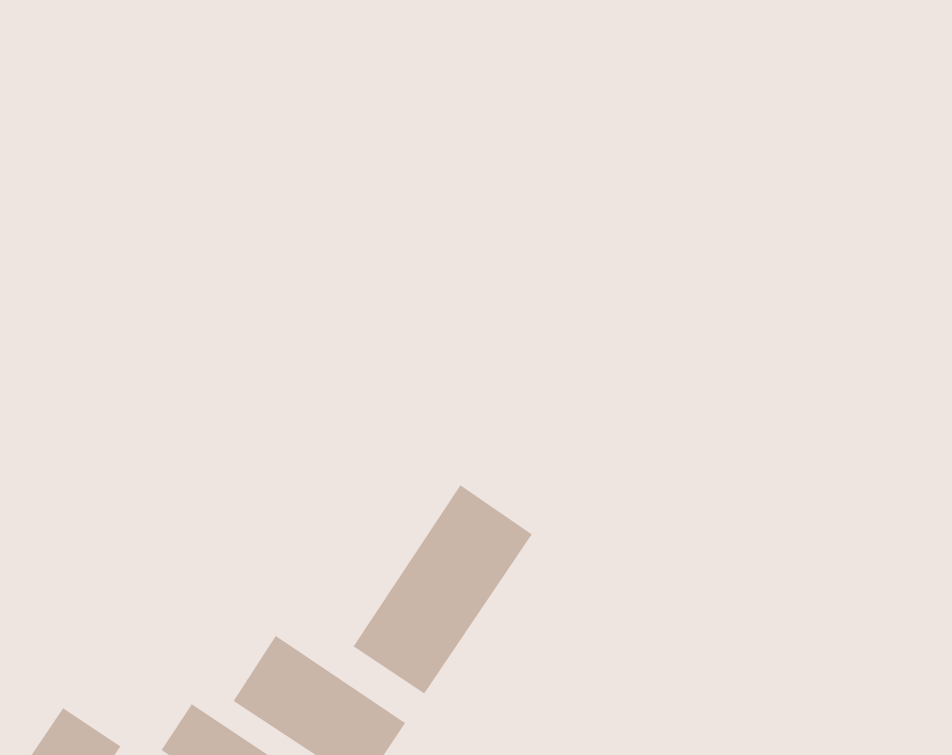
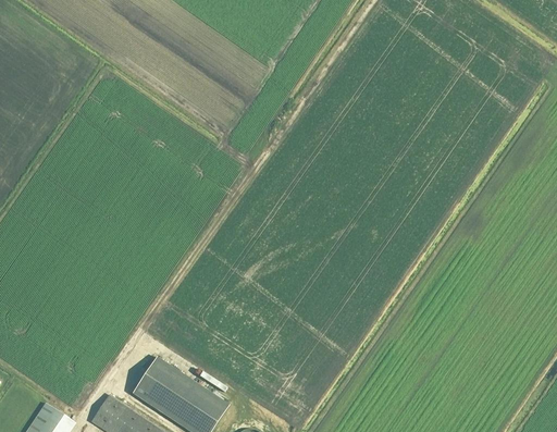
building: [353,484,533,695] -> none

